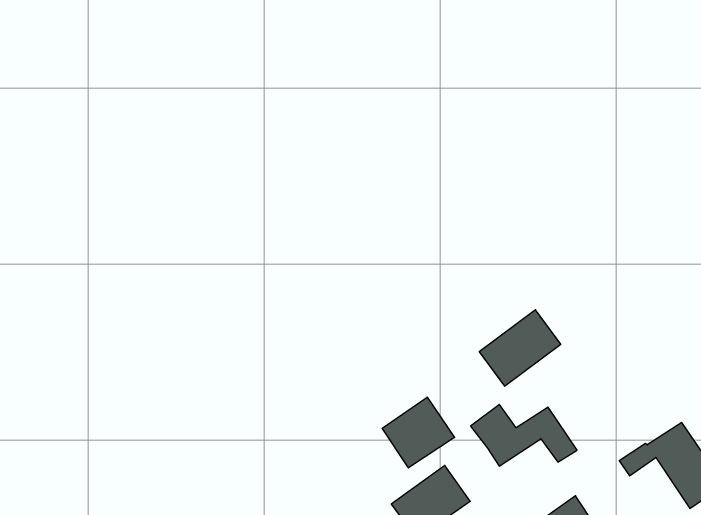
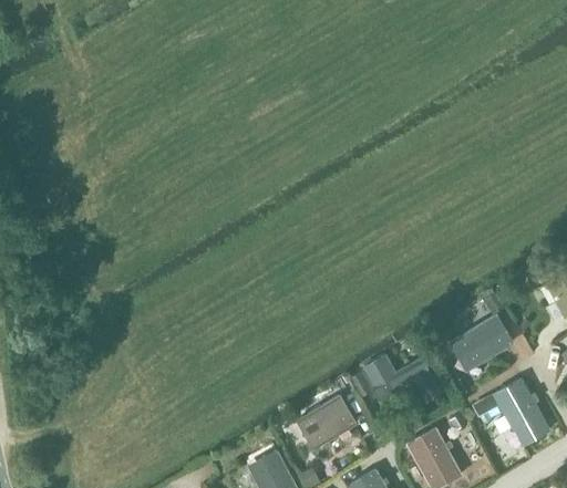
building: [479,310,561,386] -> [450,316,512,372]
building: [382,397,455,468] -> none

